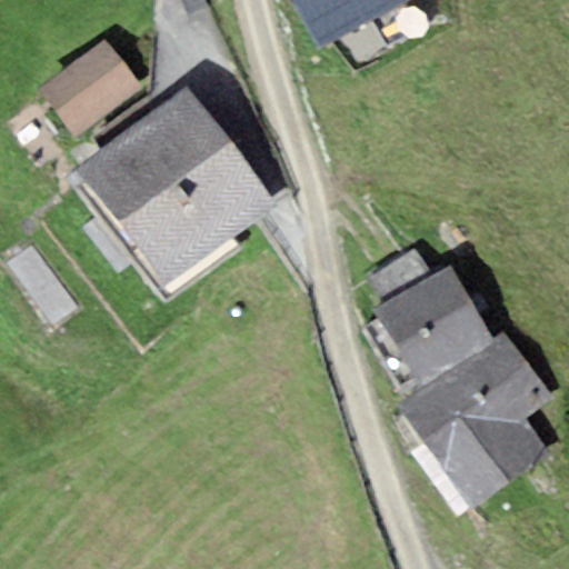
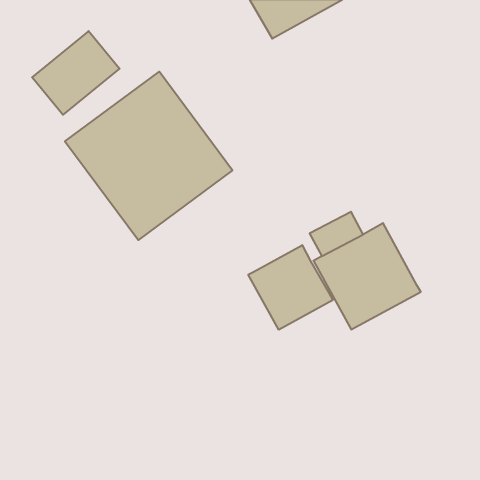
building: none -> [248,245,333,330]
building: [396,331,551,511] -> none

